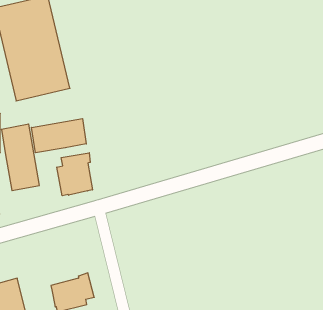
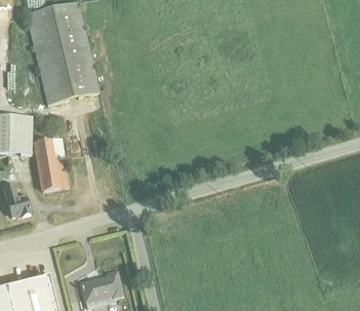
building: [31,119,86,153] -> none
building: [57,153,92,196] -> none

